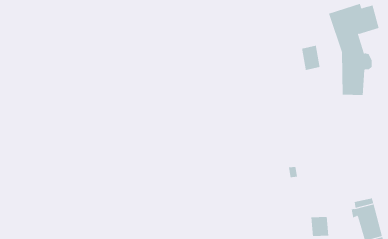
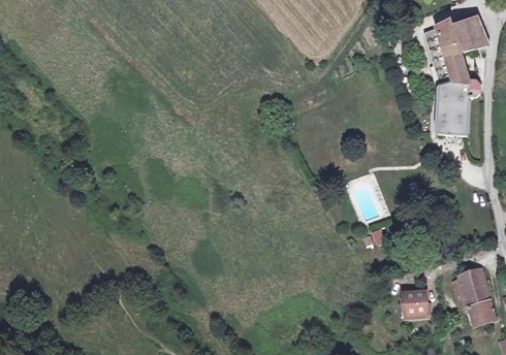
building: [302,45,320,71] -> none

